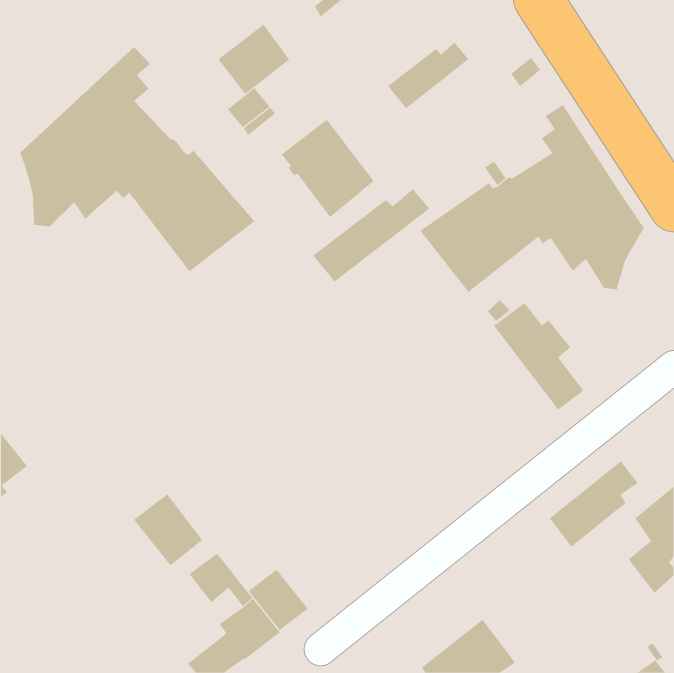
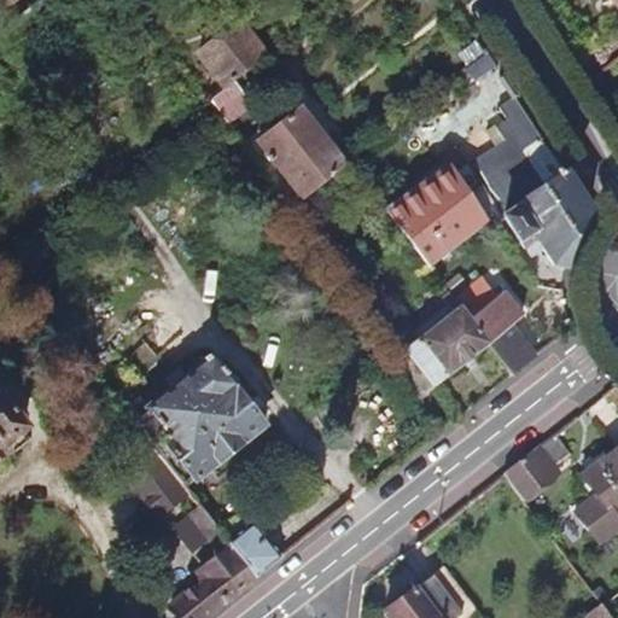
building: [387,42,469,109] -> none
building: [19,46,255,272] -> none
building: [313,188,430,283] -> none
building: none -> [404,295,486,385]
building: none -> [136,355,267,486]

